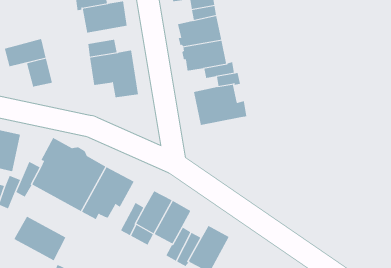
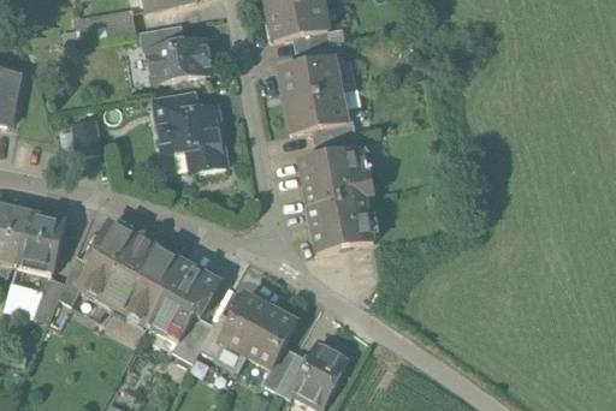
building: [4,38,46,67] -> none
building: none -> [308,195,373,251]
building: none -> [172,312,213,361]
building: [14,216,66,261] -> none

